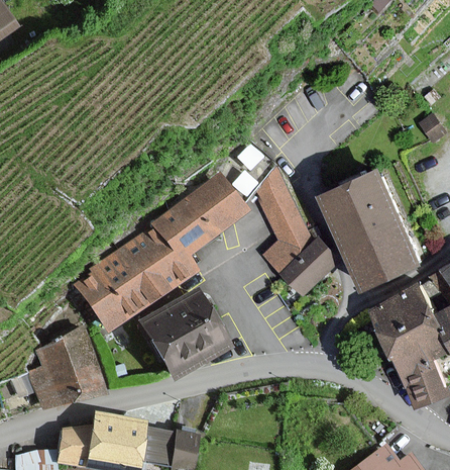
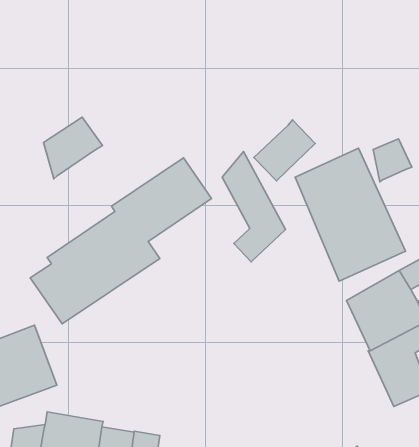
building: none -> [44,117,102,179]
building: none -> [373,139,412,182]
building: [283,237,340,294] -> [254,120,315,181]
building: [137,291,226,378] -> none

